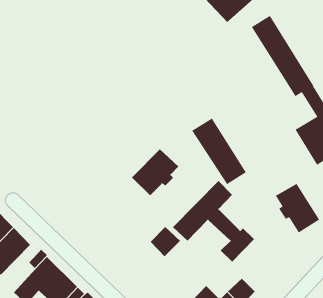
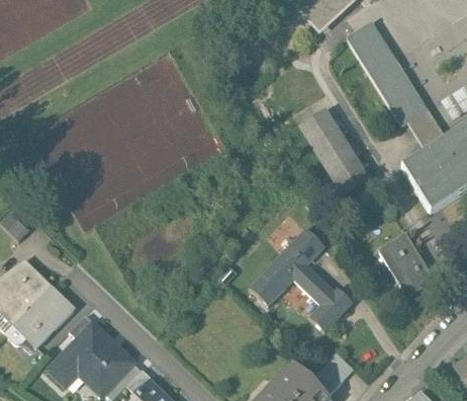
building: [191,118,247,185] -> [298,109,368,194]
building: [131,149,179,196] -> none
building: [150,226,181,257] -> none

